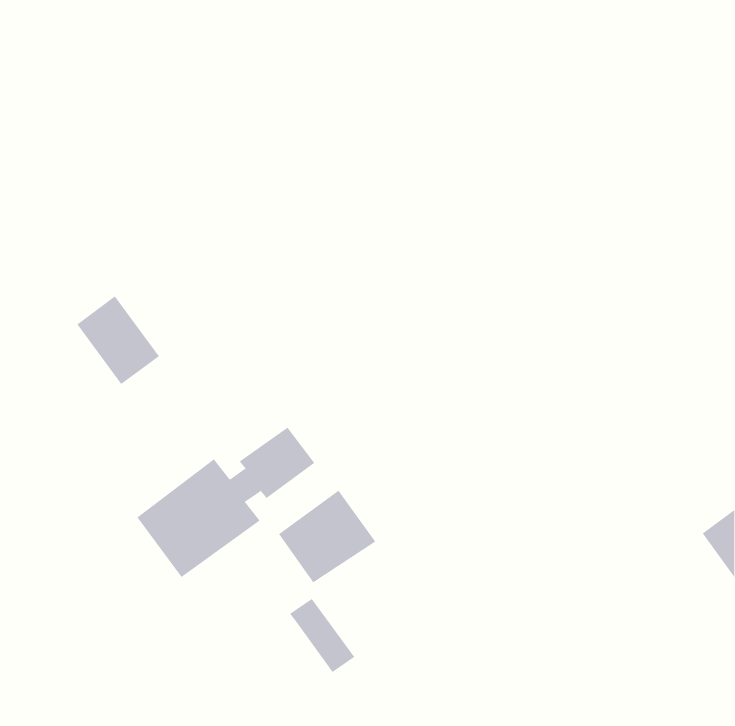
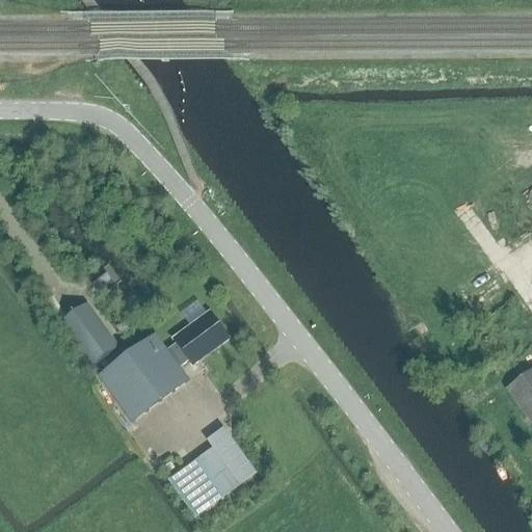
building: [76,296,160,385] -> [58,299,118,364]
building: [278,490,376,583] -> [169,449,240,516]

